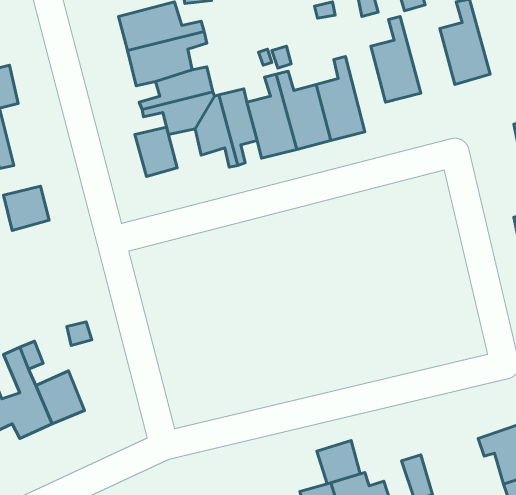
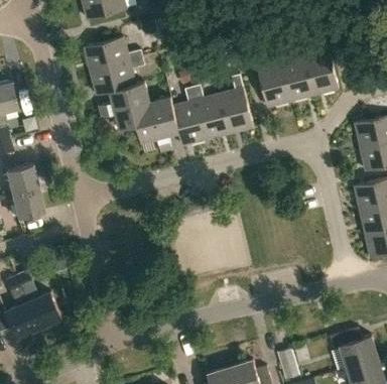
building: none -> [277,46,314,101]
building: [135,127,177,177] -> none
building: none -> [12,187,43,219]
building: [317,441,360,484] -> none

